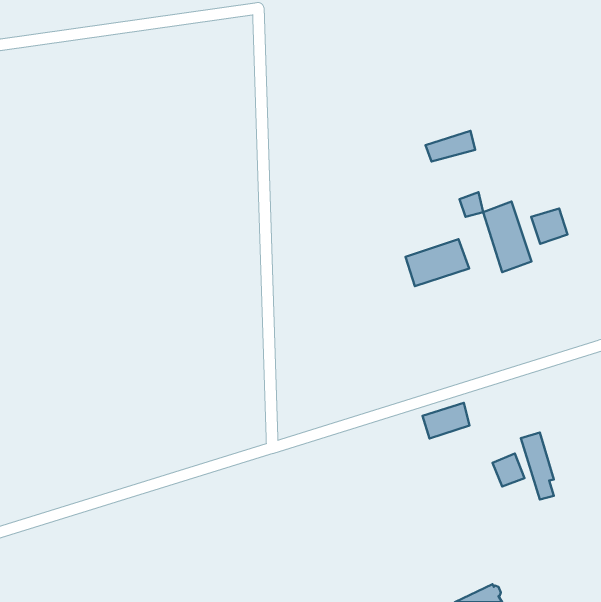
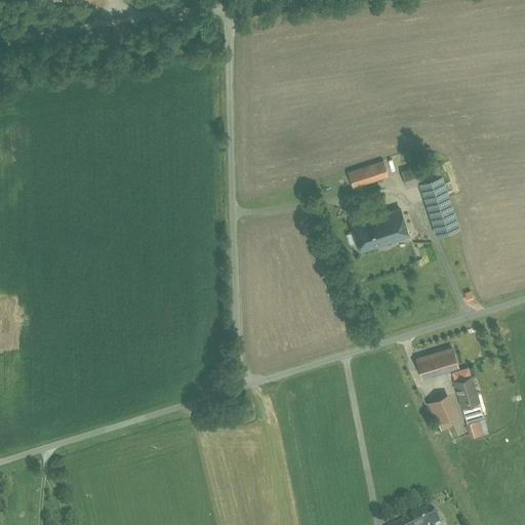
building: [426,131,475,162] -> [345,163,388,190]
building: [531,209,567,244] -> none
building: [423,403,470,438] -> [415,348,456,378]

